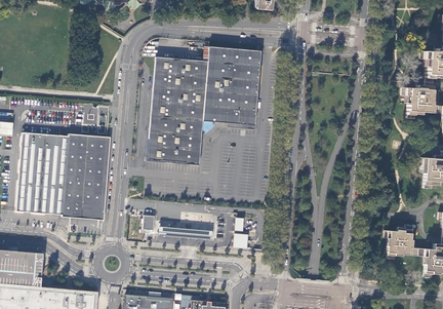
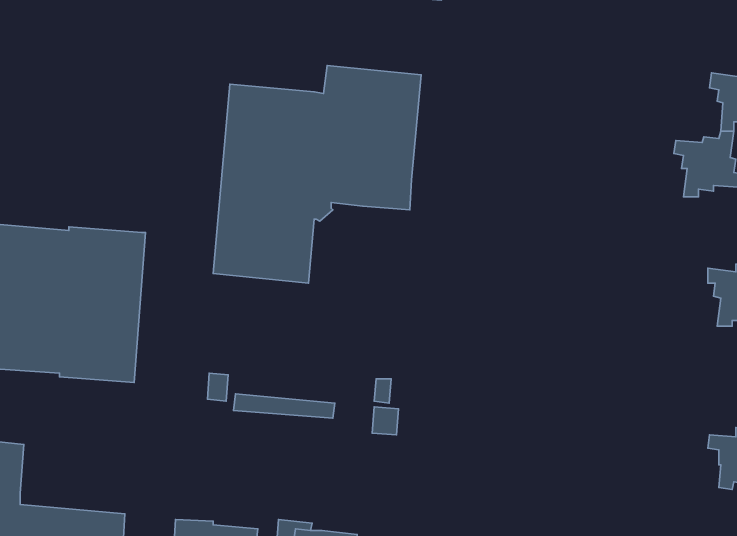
building: [384,224,418,259] -> none

